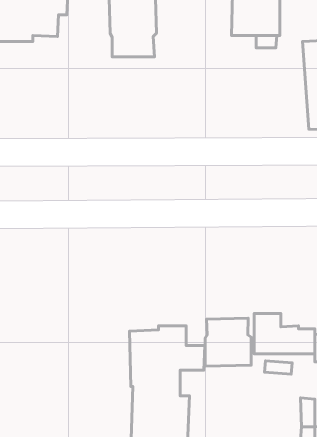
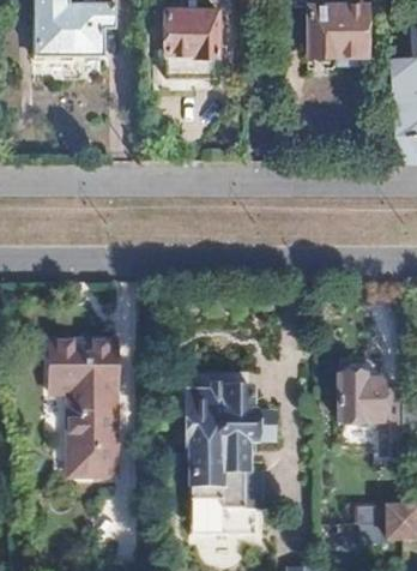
building: none -> [49,339,116,474]
building: [205,318,251,366] -> none

